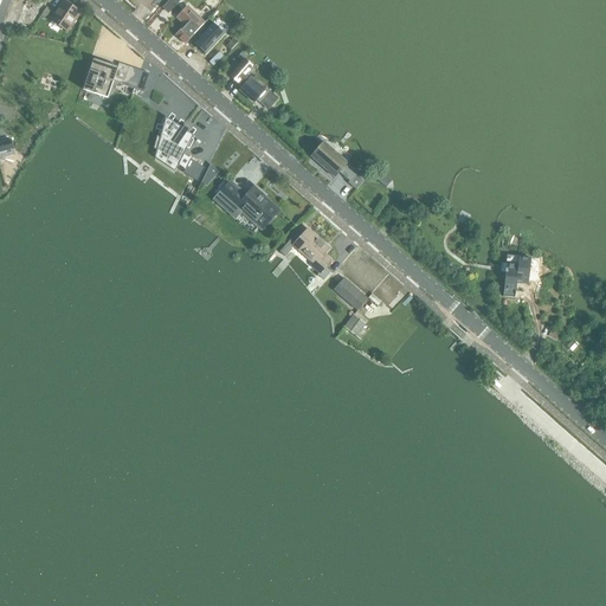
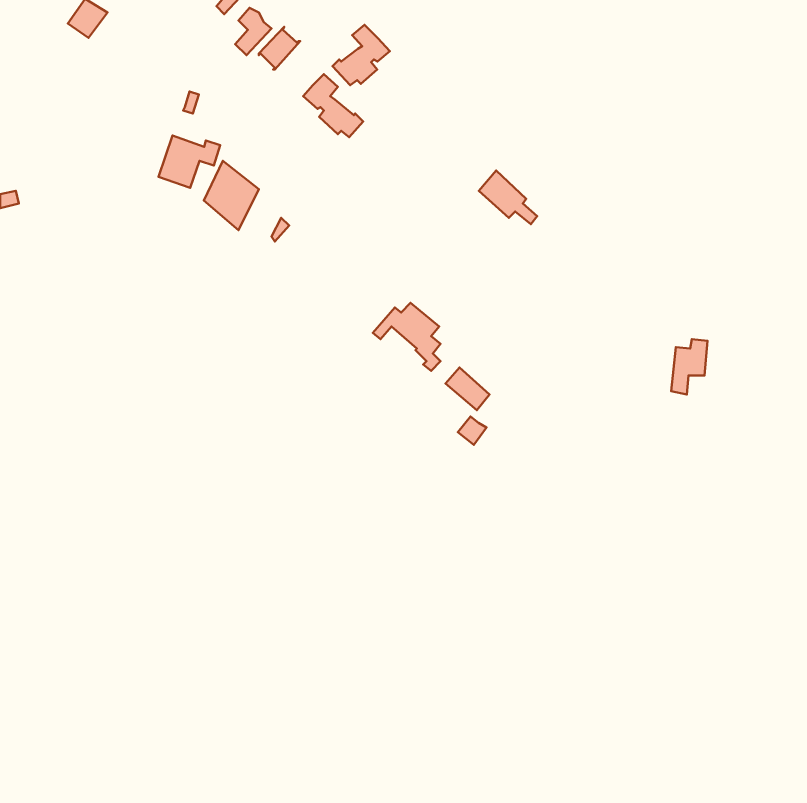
building: none -> [333,25,390,85]
building: [83,57,129,96] -> [158,136,220,188]
building: [311,140,355,180] -> [479,170,537,224]
building: [212,178,279,228] -> none

